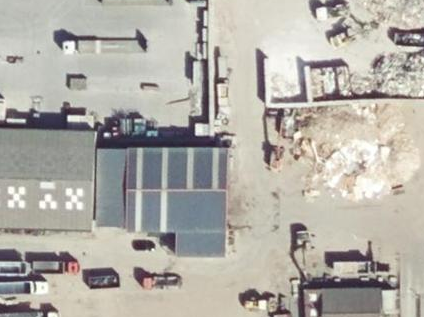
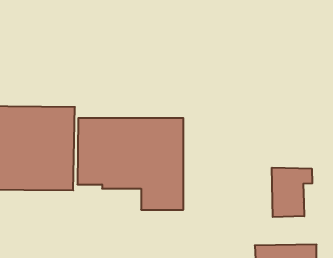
building: none -> [272,168,312,217]

